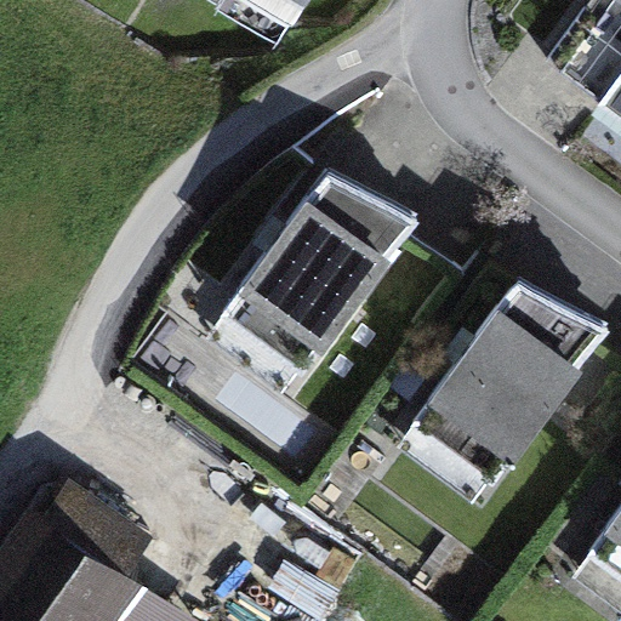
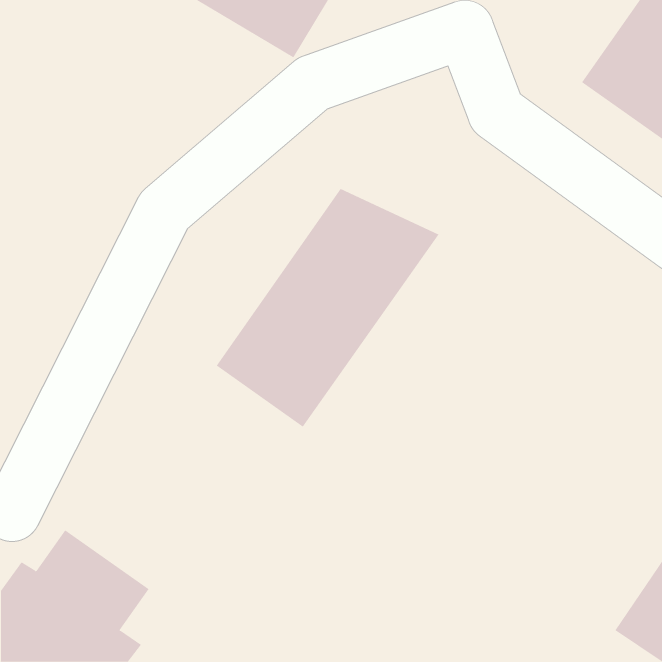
building: [409,270,614,490] -> none

